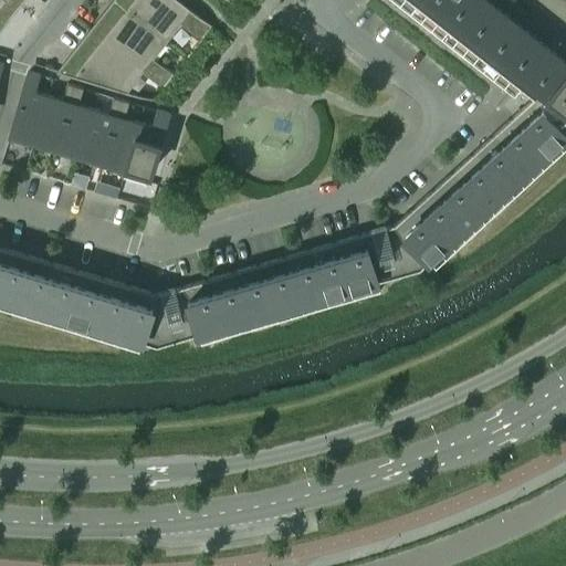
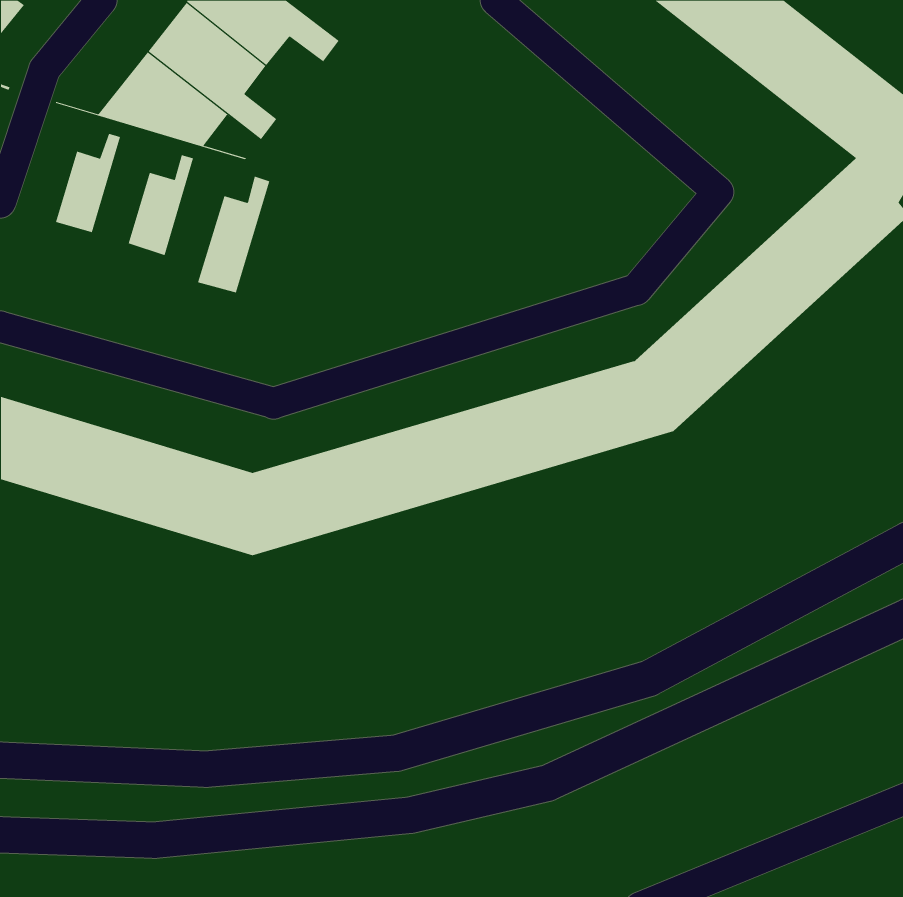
building: [13,77,51,145] -> none
building: [61,92,96,158] -> none
building: [106,105,143,182] -> none

